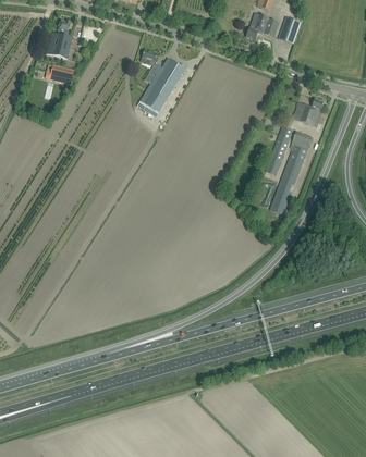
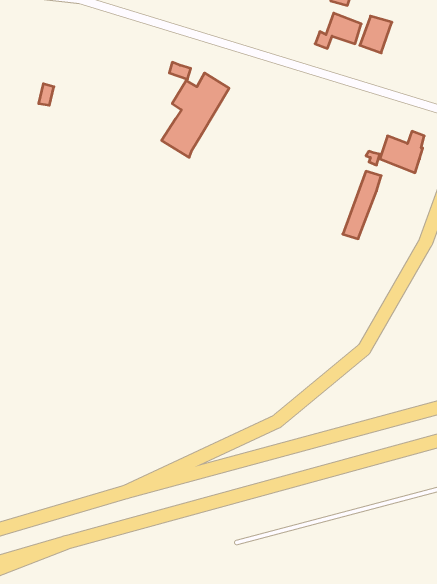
building: [47,20,71,58] -> none
building: [269,131,313,214] -> none

